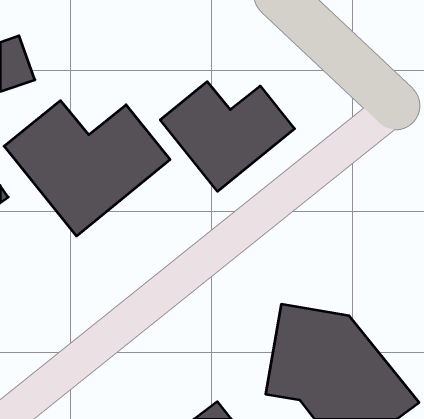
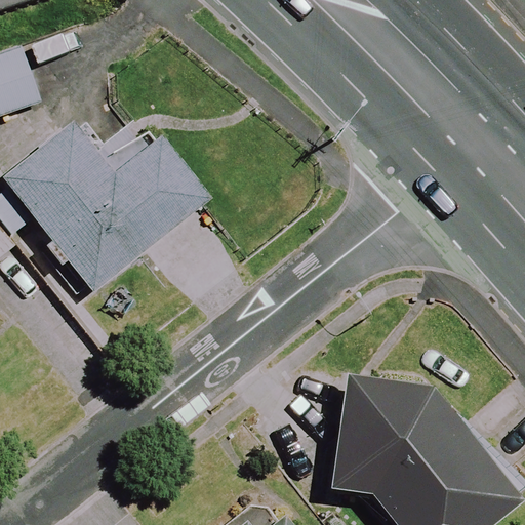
building: [160,82,295,191] -> none

